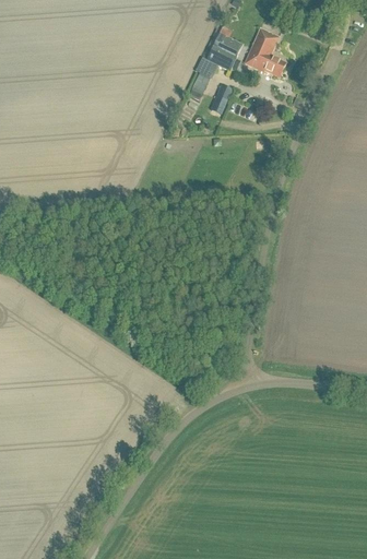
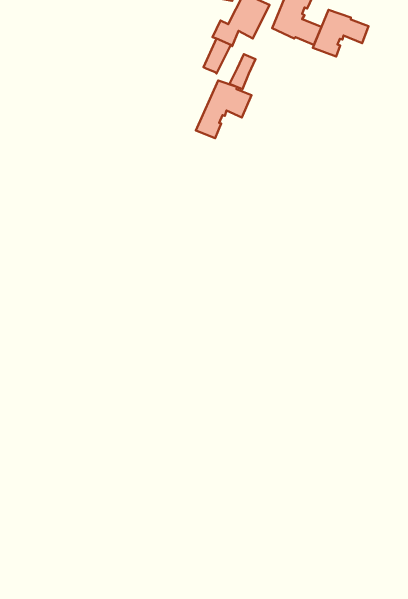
building: none -> [313,10,369,56]
building: none -> [196,80,251,138]

